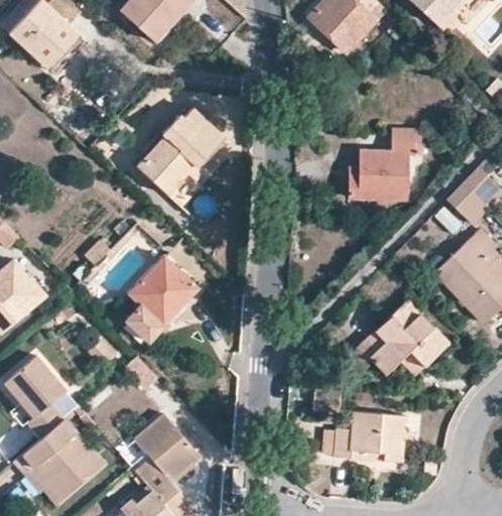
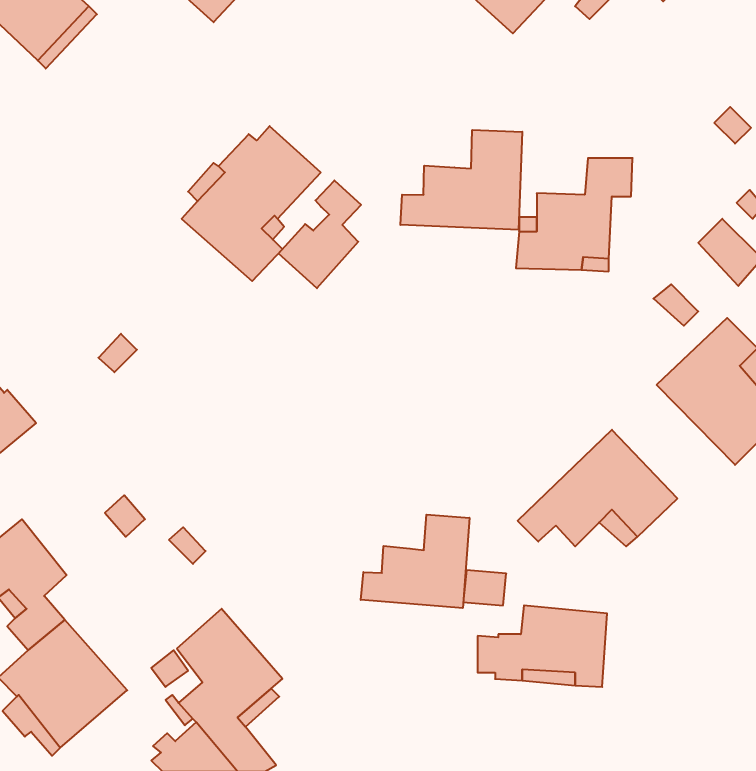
building: none -> [400,130,522,230]
building: none -> [279,180,361,288]
building: [447,181,488,224] -> none
building: [125,254,199,342] -> none
building: none -> [361,515,469,608]

